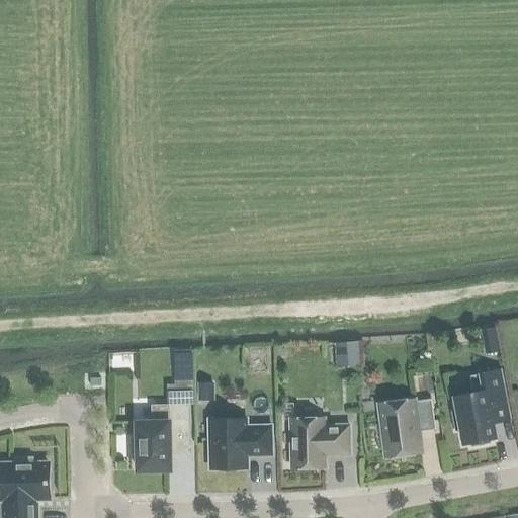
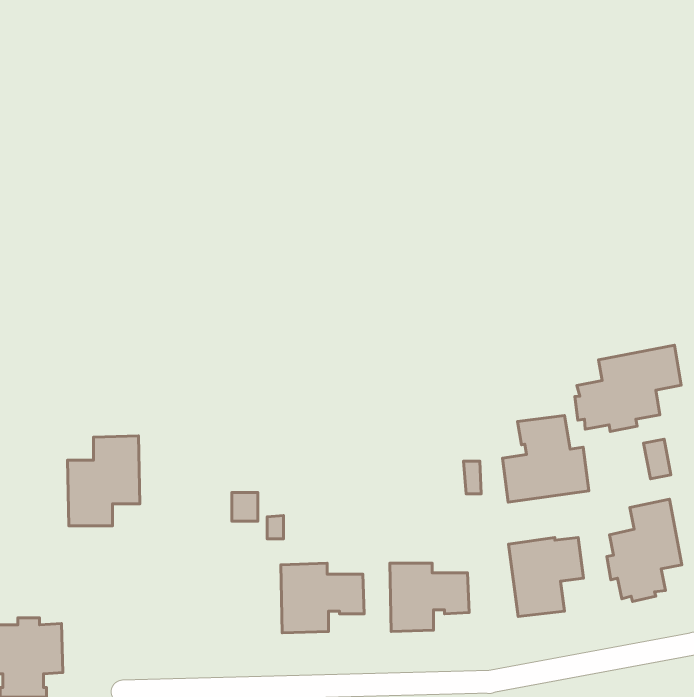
building: none -> [575,345,681,432]
building: none -> [502,416,589,502]
building: [135,404,188,470] -> [68,436,140,526]

